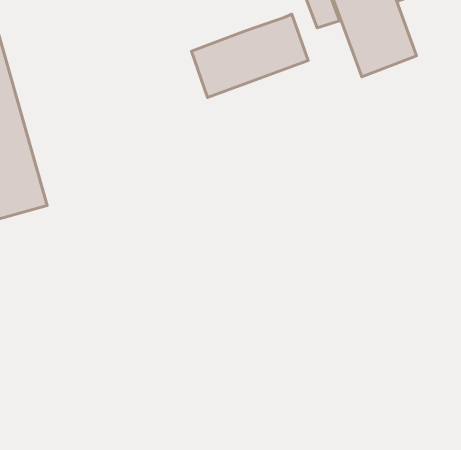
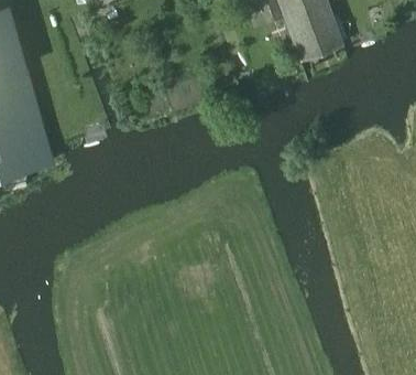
building: [191,14,308,97] -> none

